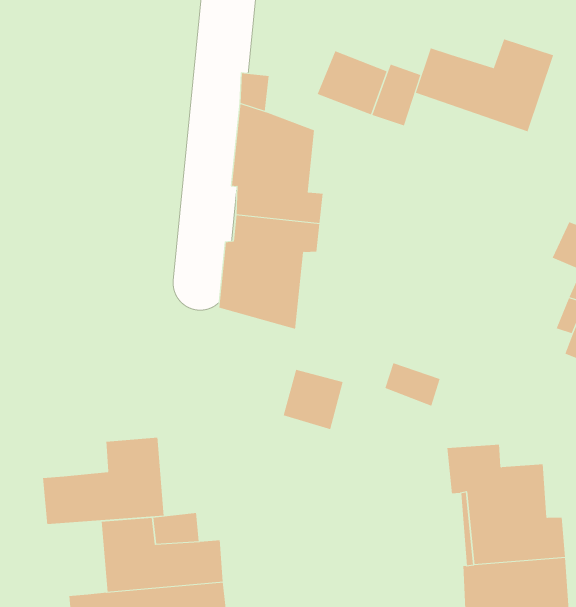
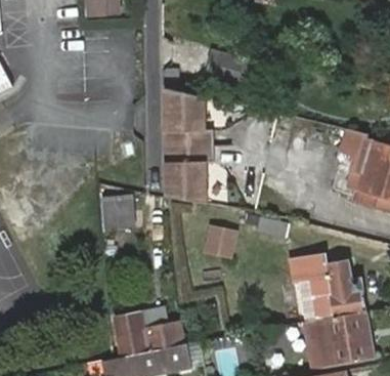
building: [415,38,554,132] -> none
building: none -> [102,195,133,225]
building: [43,437,164,525] -> none

